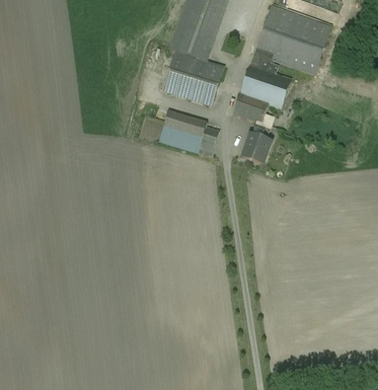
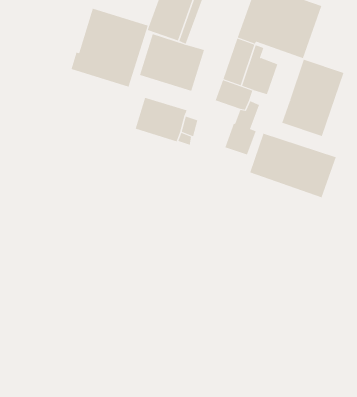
building: none -> [71,8,148,87]
building: none -> [282,59,344,137]
building: none -> [249,133,337,198]

